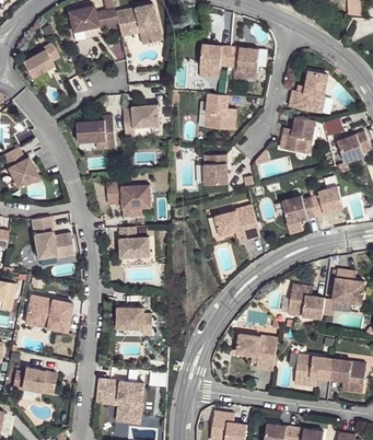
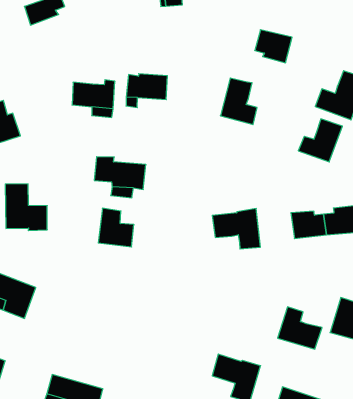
building: [200,46,231,77] -> none
building: [205,157,228,186] -> none
building: [116,305,151,333] -> none

